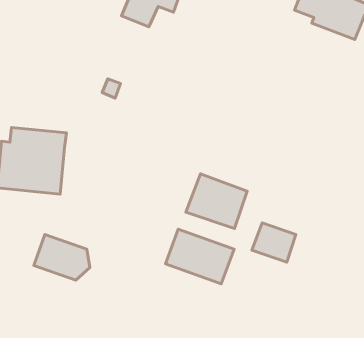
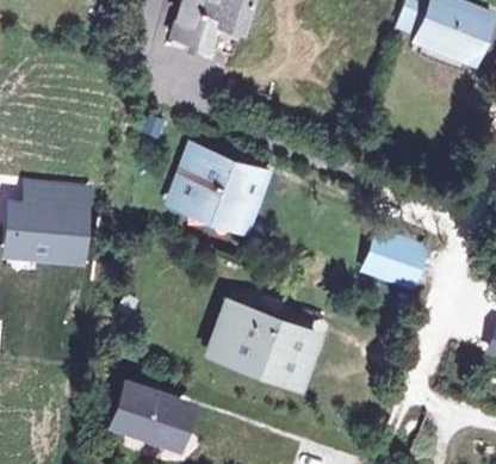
building: [186,174,247,229] -> [175,163,255,235]
building: [252,223,296,262] -> [365,236,422,287]
building: [34,234,90,280] -> [112,384,185,444]

